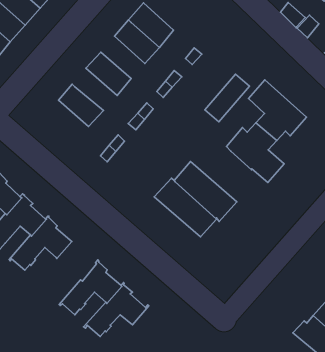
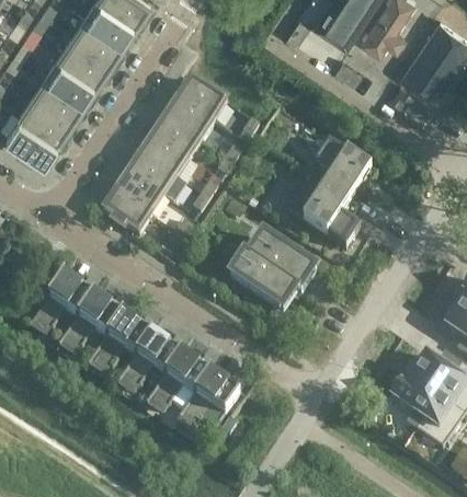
building: none -> [156,116,203,158]
building: none -> [130,153,179,195]
building: [205,74,249,122] -> none
building: none -> [105,190,153,233]
building: none -> [118,331,181,391]

